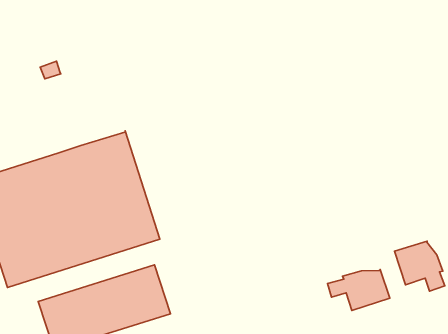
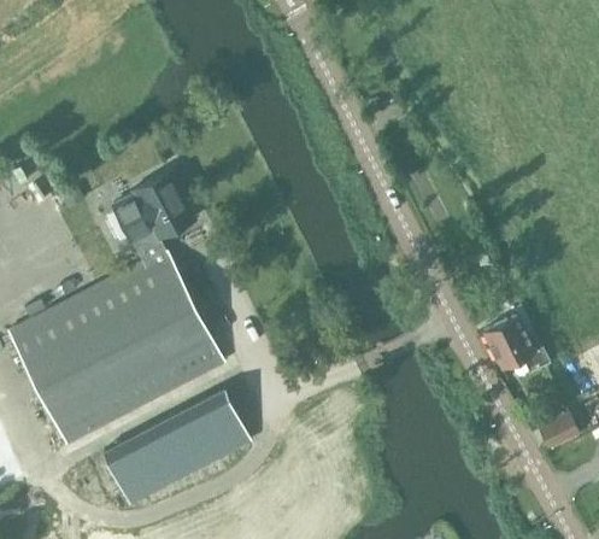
building: none -> [113,170,195,262]
building: [327,270,390,311] -> none

